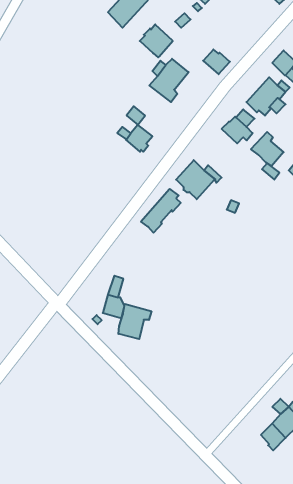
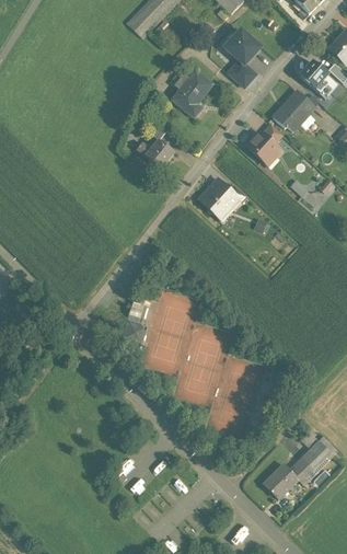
building: [140,24,173,57] -> [224,31,259,66]
building: [251,132,284,166] -> none
building: [141,189,181,233] -> none
building: [118,304,151,339] -> none
building: none -> [263,464,298,499]

